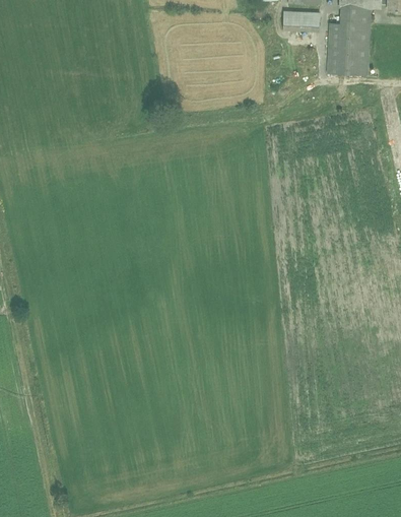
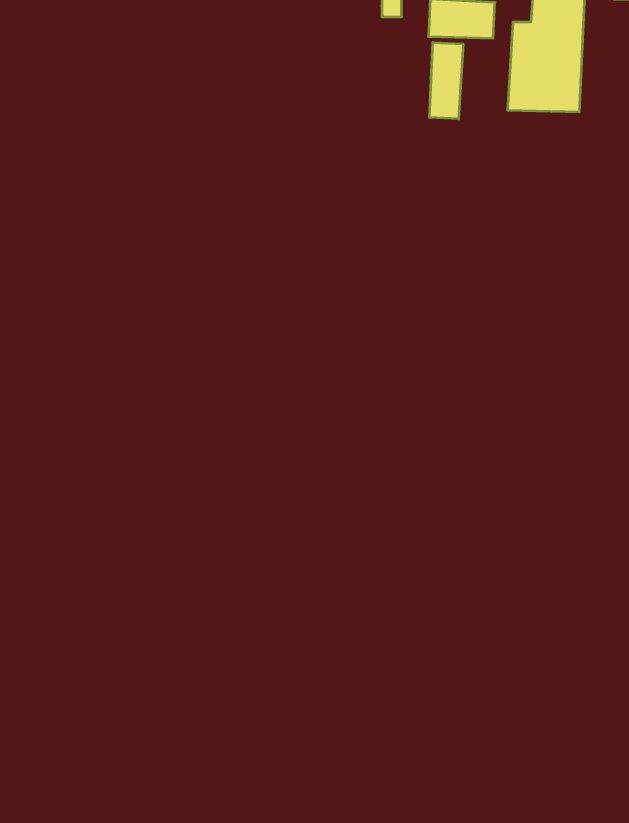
building: none -> [430,42,463,119]

